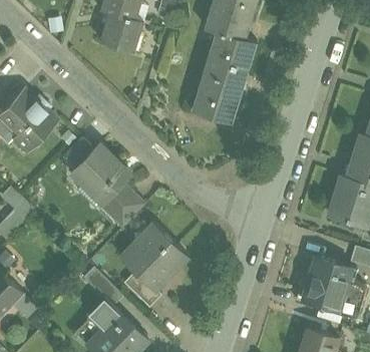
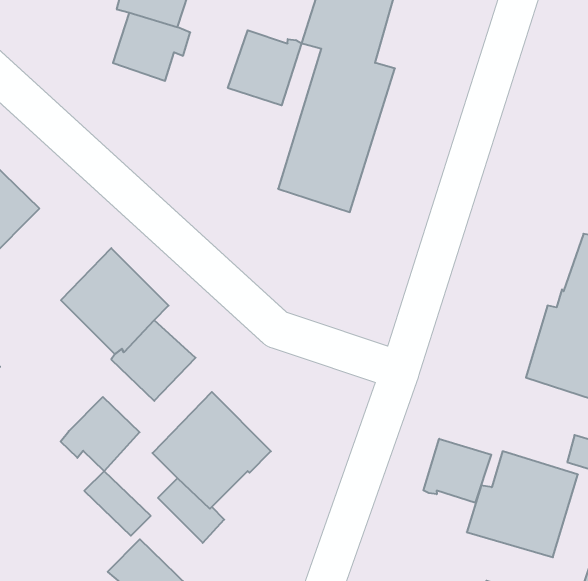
building: none -> [228,30,302,105]
building: none -> [61,397,140,471]
building: none -> [423,439,491,503]

